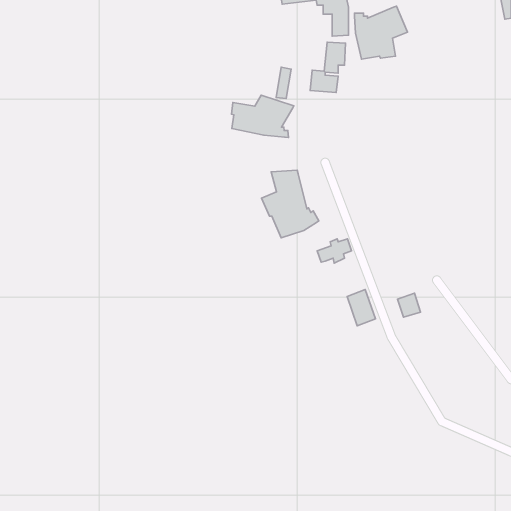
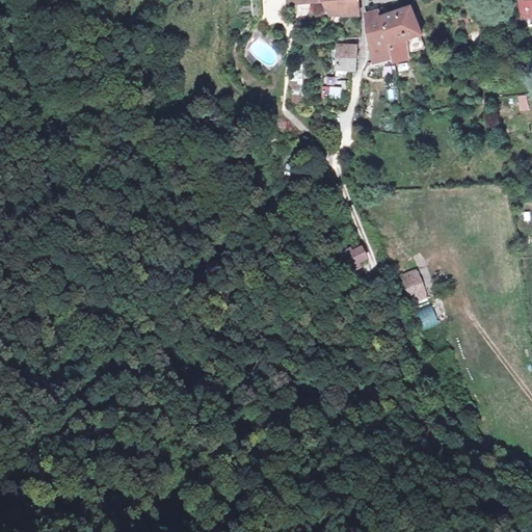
building: [231,95,294,138] -> none
building: [261,170,319,238] -> none
building: [347,290,375,326] -> [397,265,426,302]

